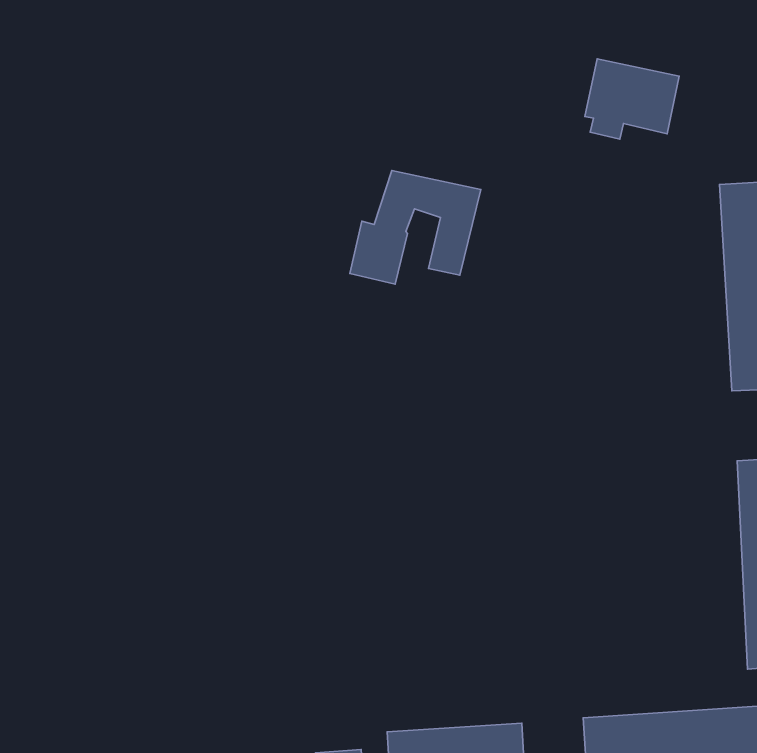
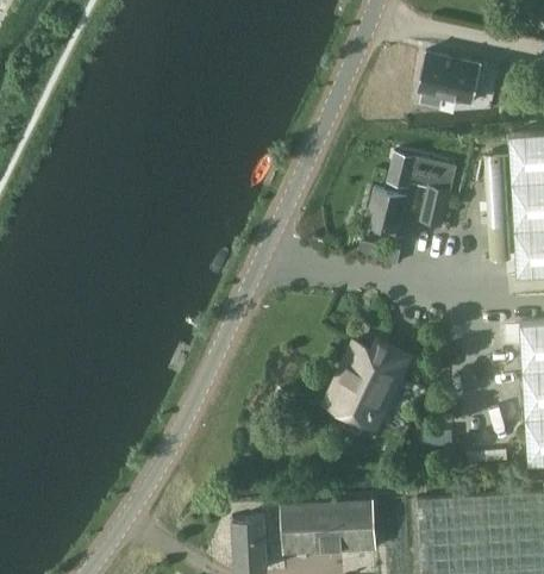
building: [350,170,481,284] -> [367,156,456,233]
building: none -> [327,345,406,424]

